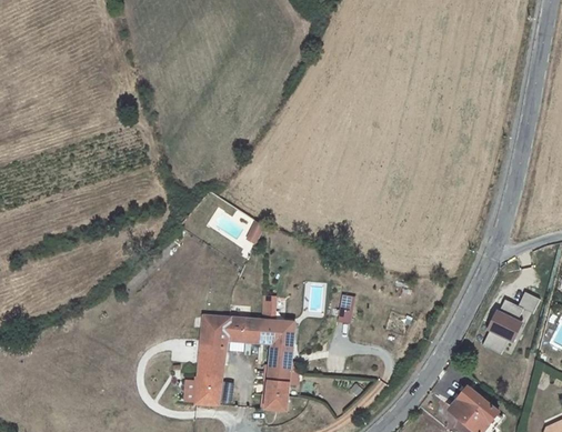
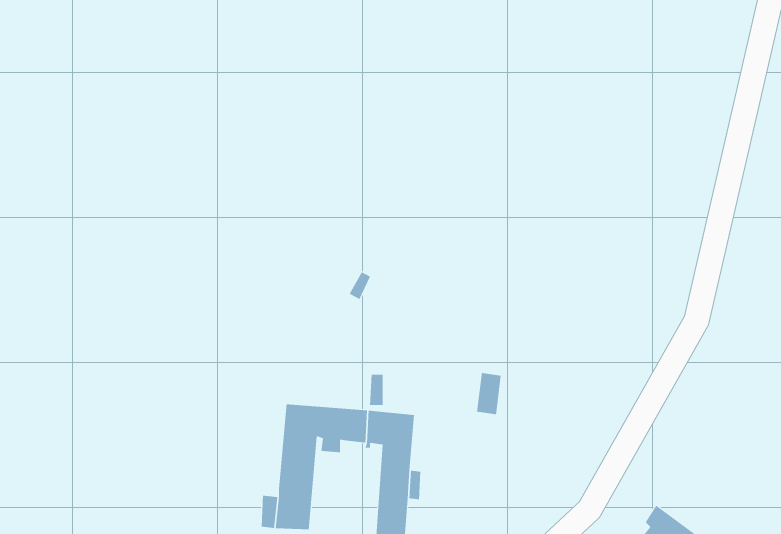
building: [482,291,540,353] -> none

